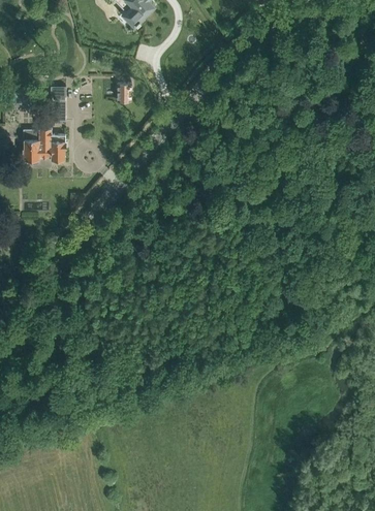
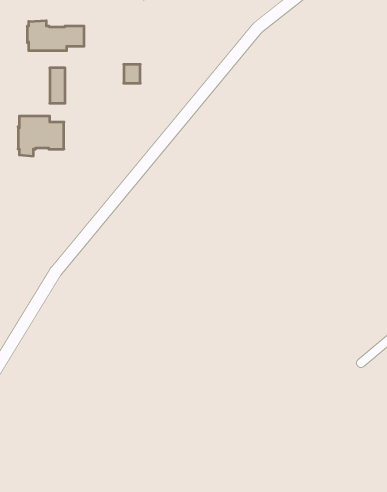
building: none -> [27,21,84,51]

